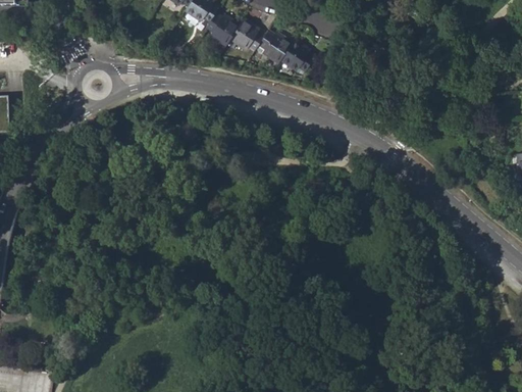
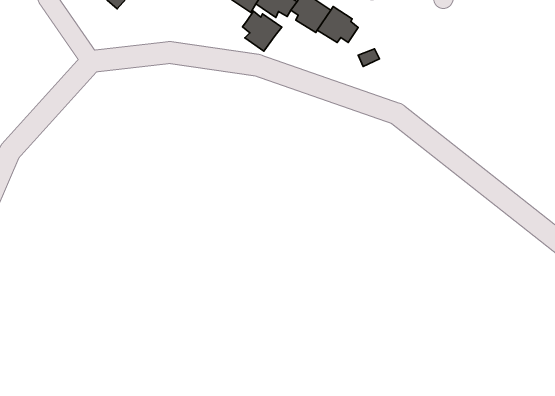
building: none -> [242,11,282,51]

